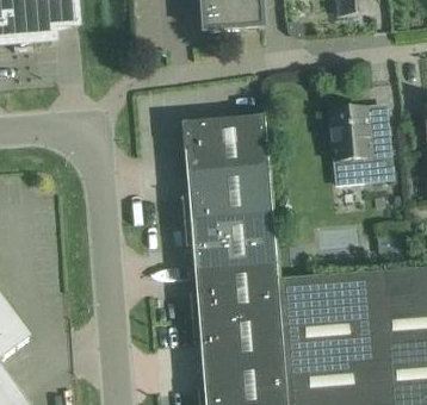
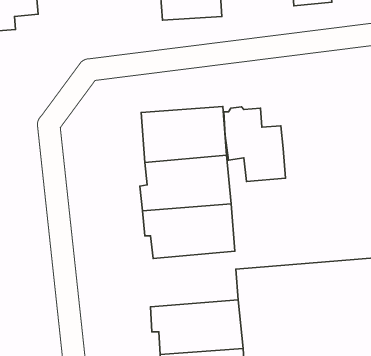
building: [330,106,392,181] -> [224,107,285,182]
building: [190,262,280,318] -> none

